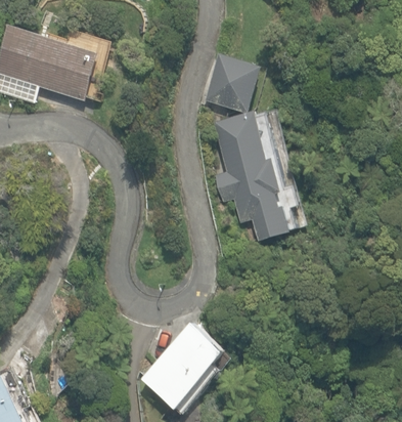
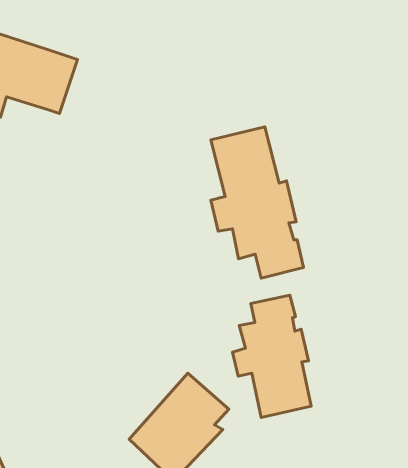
building: [203,53,262,113] -> none
building: none -> [232,295,311,418]

